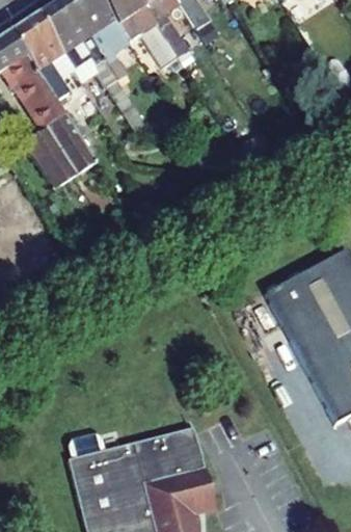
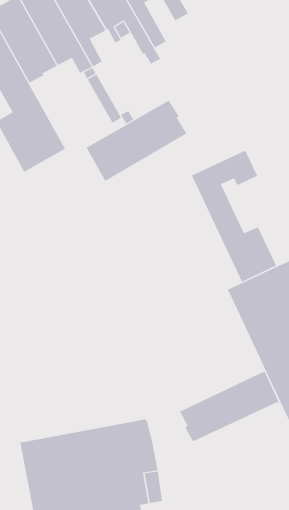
building: none -> [86,100,187,182]
building: none -> [191,150,277,283]
building: none -> [180,370,279,442]

